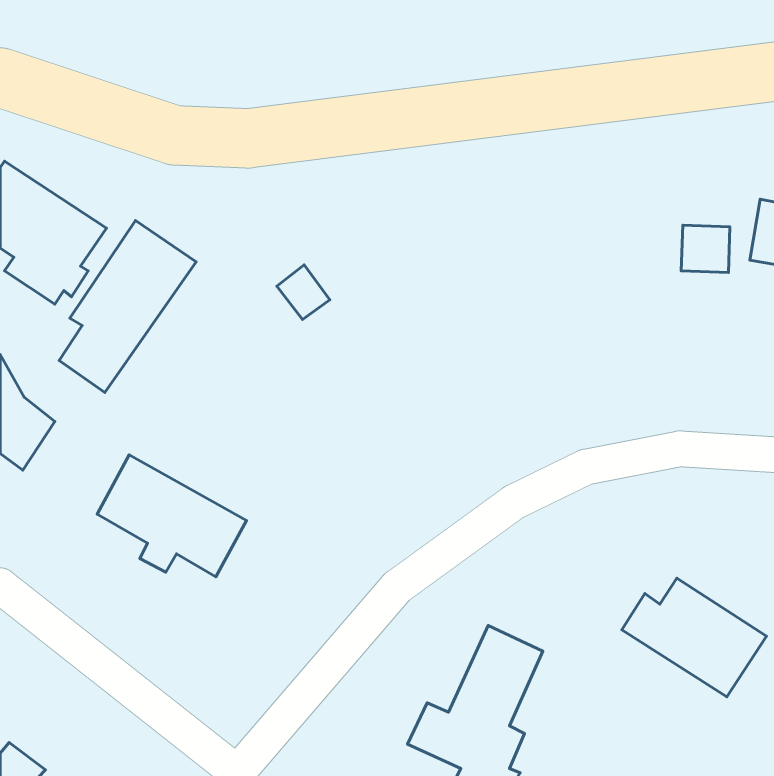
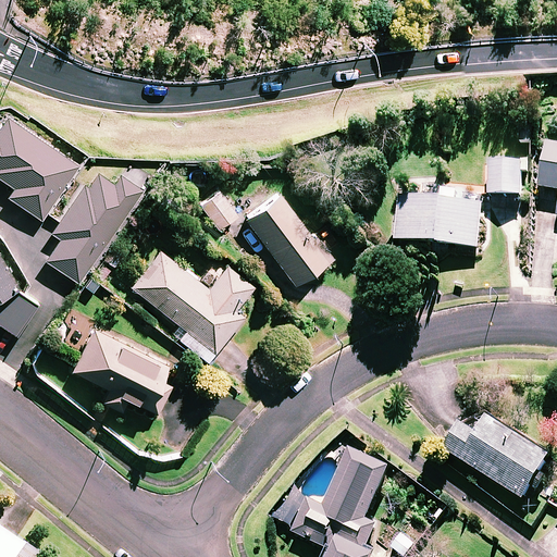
building: none -> [243,190,326,283]
building: none -> [396,190,483,248]
building: none -> [131,250,252,360]

